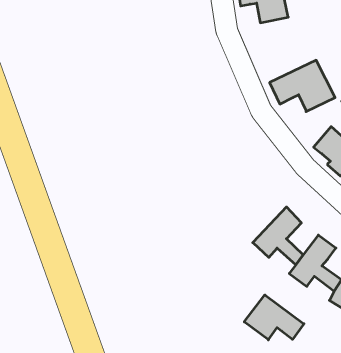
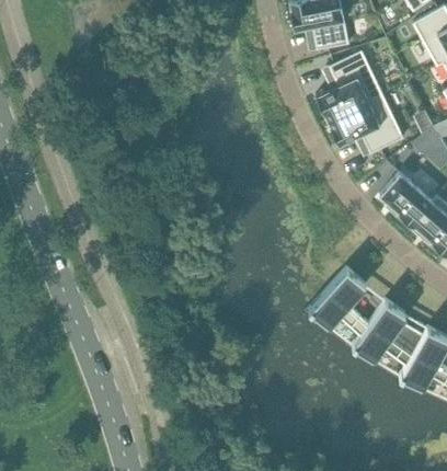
building: none -> [316,50,382,120]
building: [244,295,304,340] -> none

